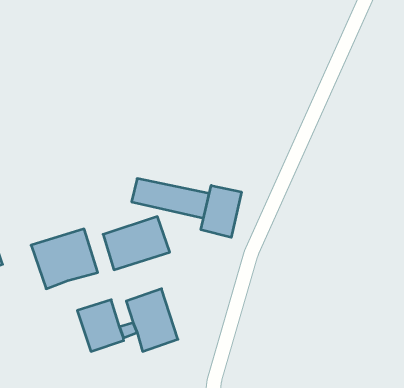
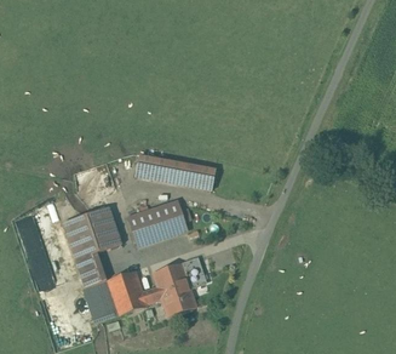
building: [201,185,241,237] -> none
building: none -> [76,253,116,324]

